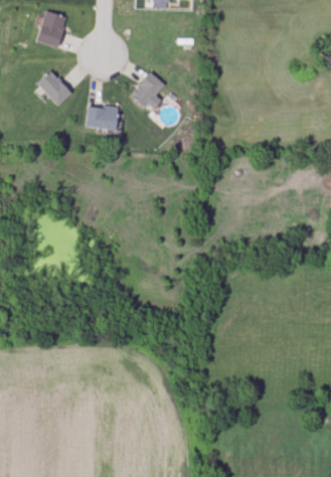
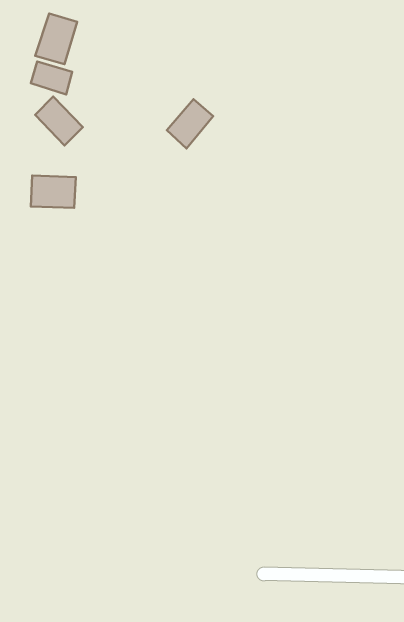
building: none -> [31,62,72,94]
building: [87,106,119,129] -> [31,176,76,208]

